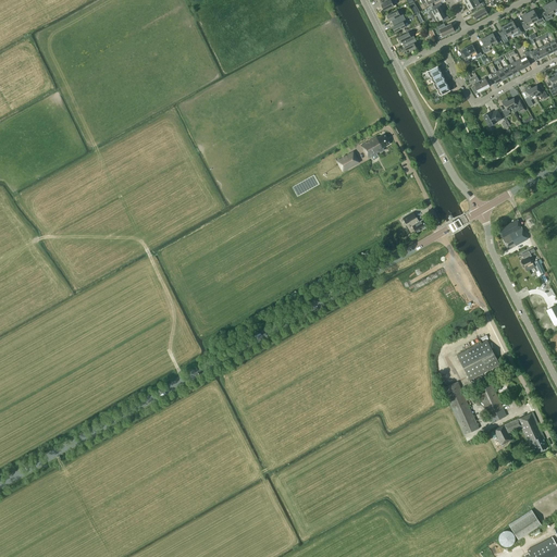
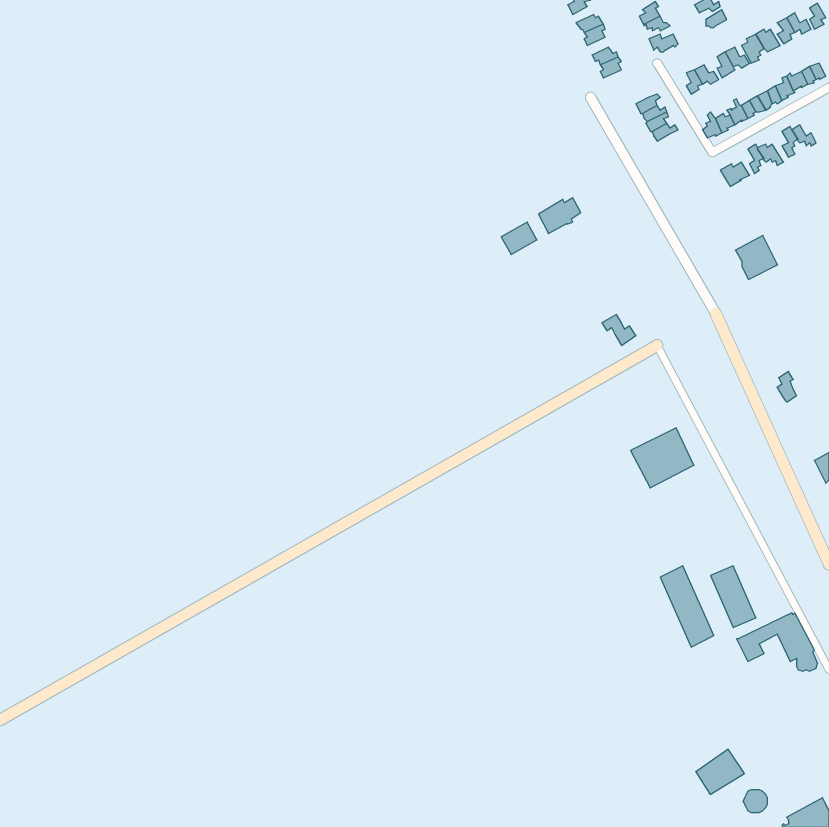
building: [499,219,528,248] -> [735,236,778,279]
building: [457,338,499,379] -> [631,428,694,488]
building: [509,508,542,539] -> [696,749,744,794]

